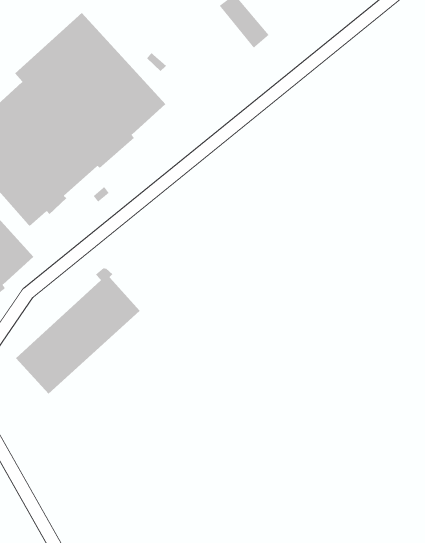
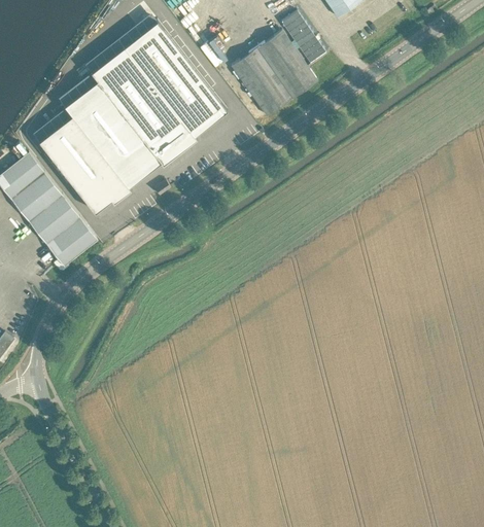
building: none -> [230,29,316,115]
building: [15,267,140,394] -> none

